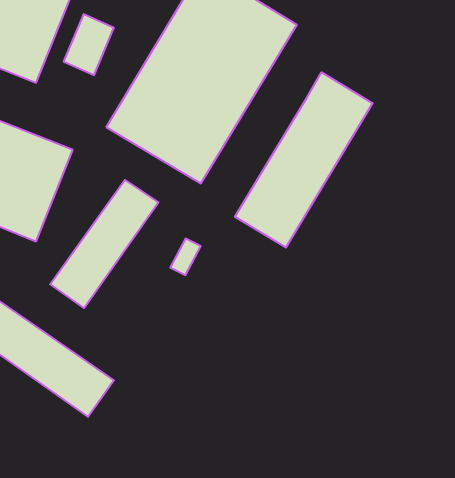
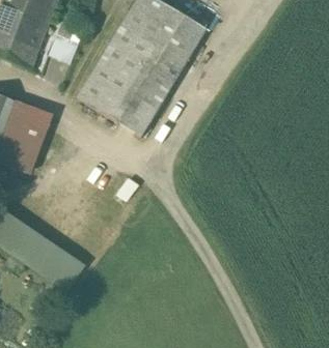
building: [235,72,373,248] -> none
building: [50,180,158,308] -> none

